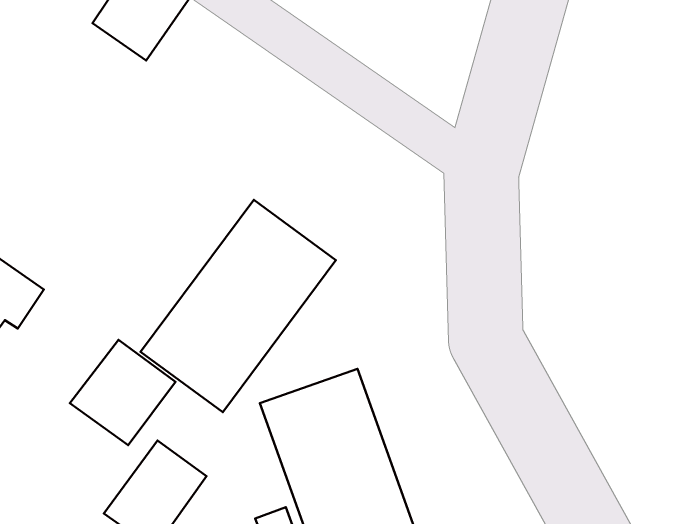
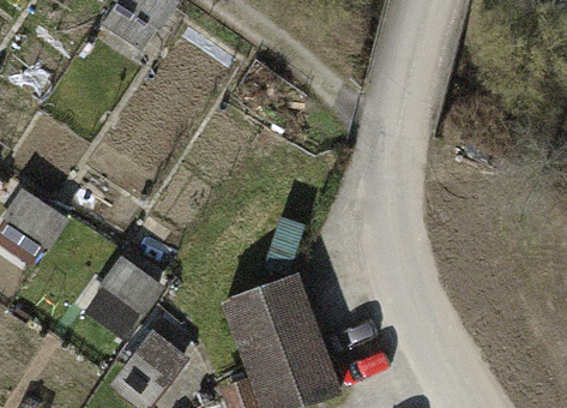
building: [141,200,336,412] -> none

